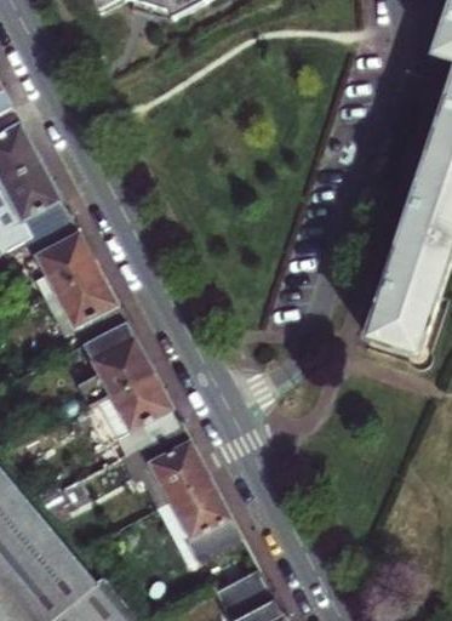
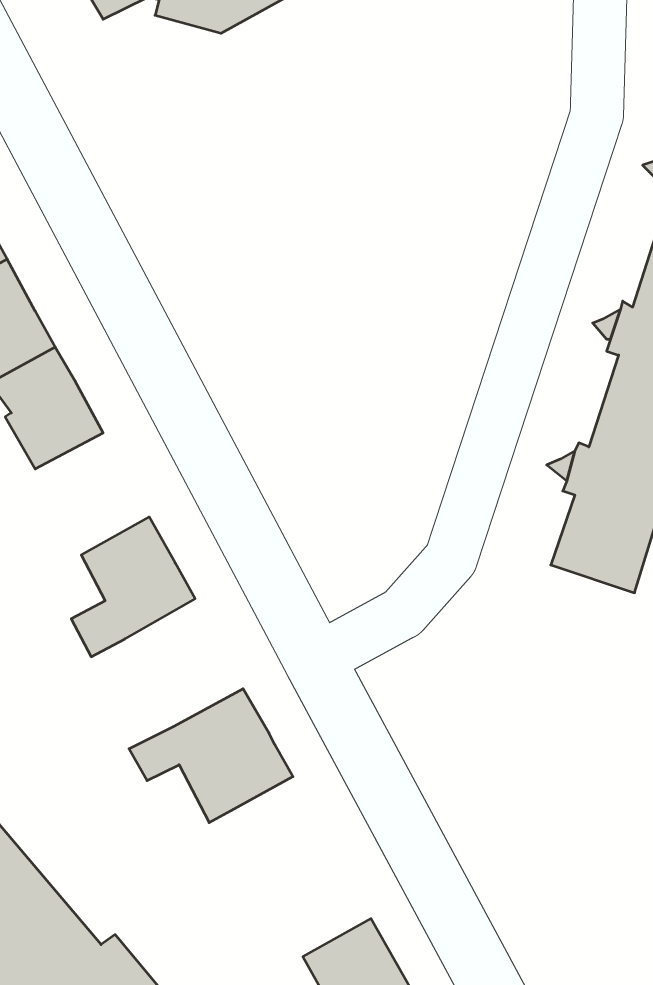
building: [44,270,124,344] -> none
building: [109,371,181,449] -> none
building: [173,479,242,562] -> none

